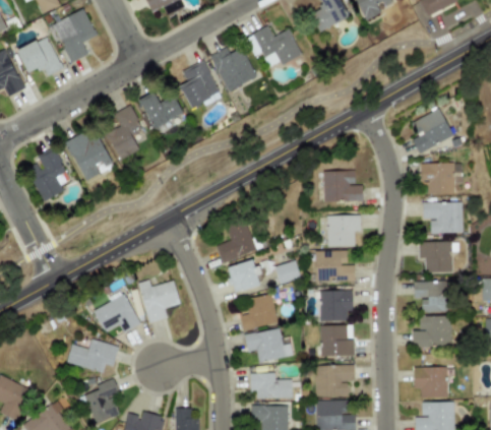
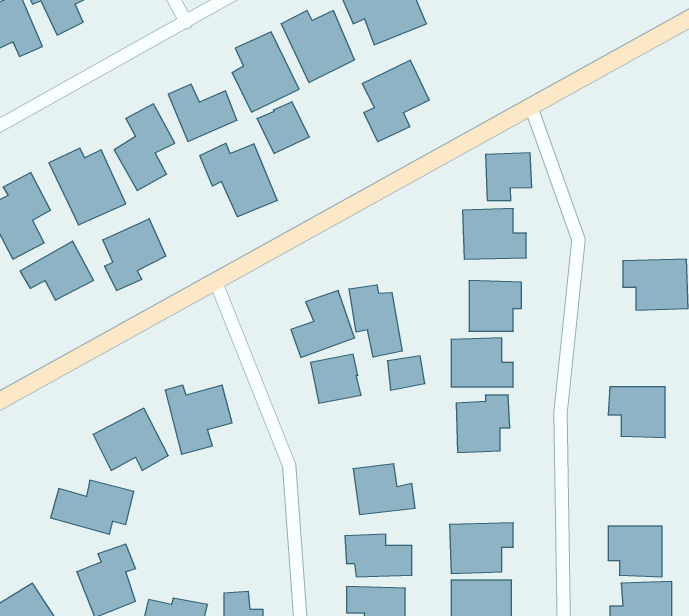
building: none -> [362,60,429,142]
building: none -> [257,102,309,154]
building: [411,109,452,151] -> none
building: none -> [200,143,277,217]
building: none -> [486,153,531,201]
building: [421,163,454,194] -> none
building: none -> [103,219,166,291]
building: none -> [20,241,93,300]
building: none -> [349,285,402,357]
building: [419,241,452,272] -> none
building: [240,294,278,329] -> none
building: [413,315,452,347] -> none
building: [320,324,354,356] -> none

